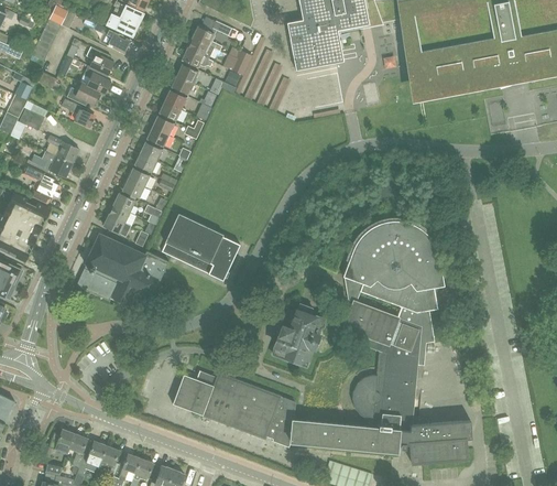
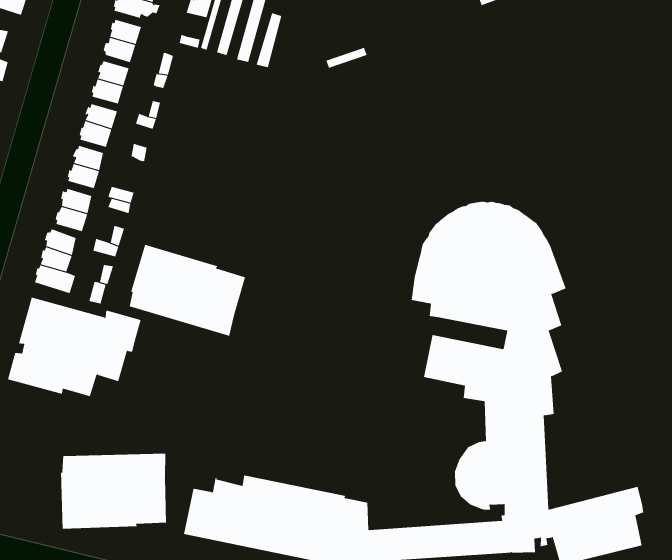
building: [271,303,324,367] -> none
building: none -> [60,453,166,529]

